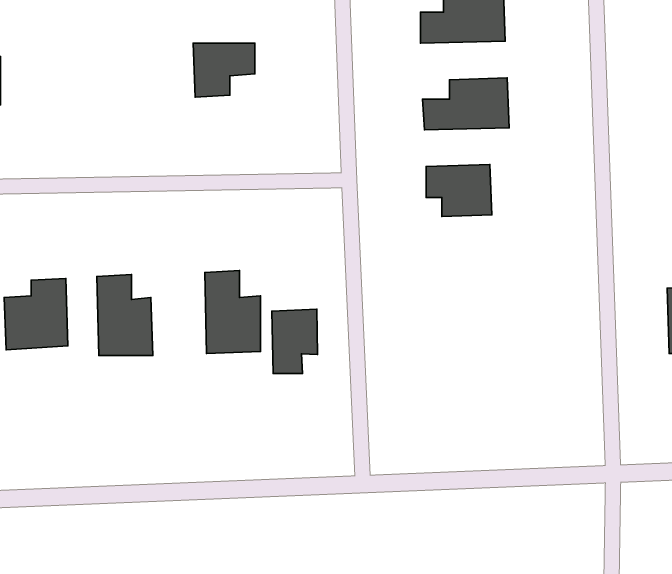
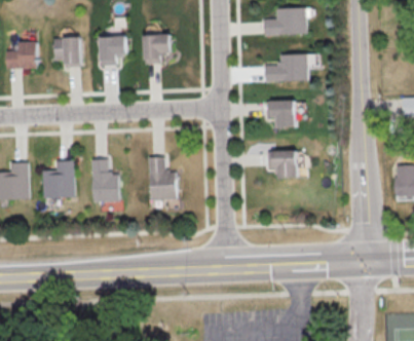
building: none -> [98,36,129,65]
building: none -> [52,37,83,65]
building: none -> [268,151,303,178]
building: [272,309,318,374] -> none

